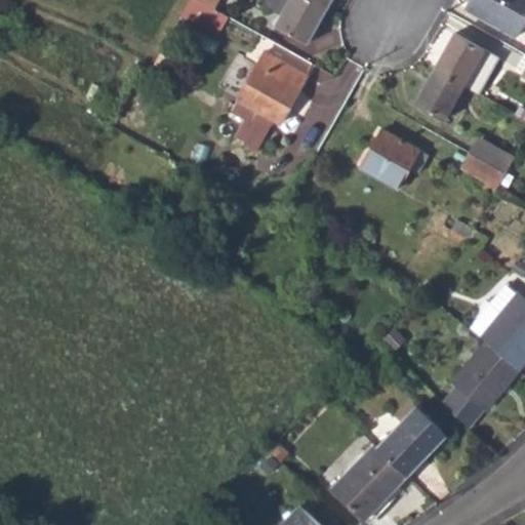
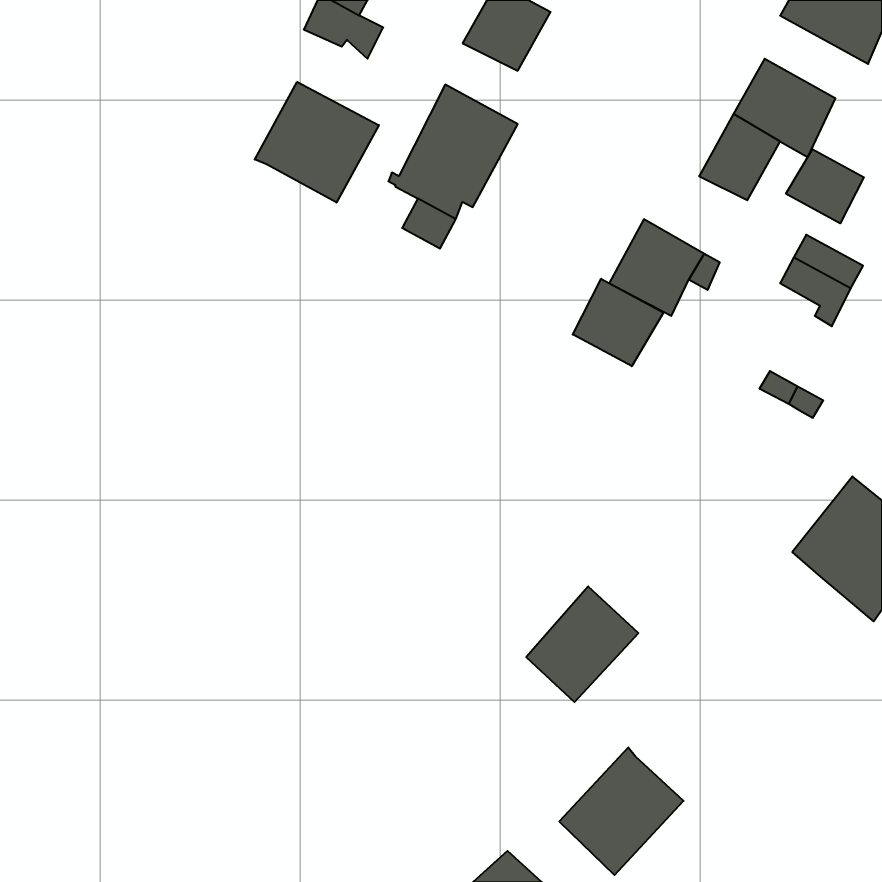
building: none -> [255,82,379,203]
building: none -> [786,149,864,223]
building: none -> [573,279,664,366]
building: [442,341,519,428] -> none
building: [377,407,444,476] -> [526,586,638,702]

